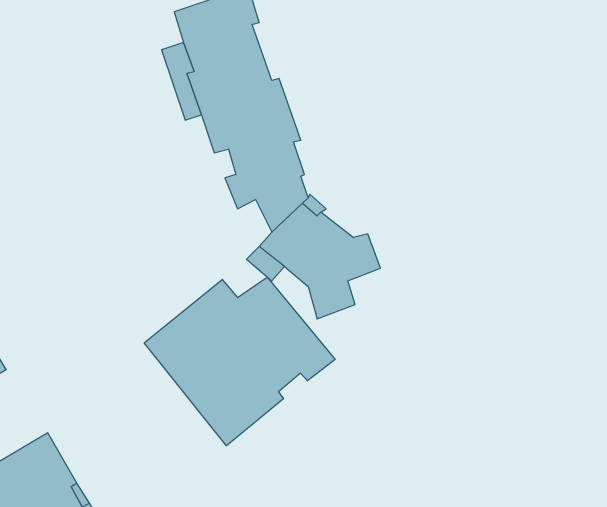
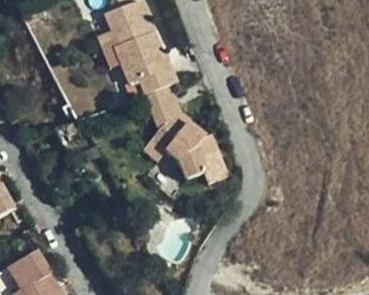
building: [144,277,335,446] -> none

